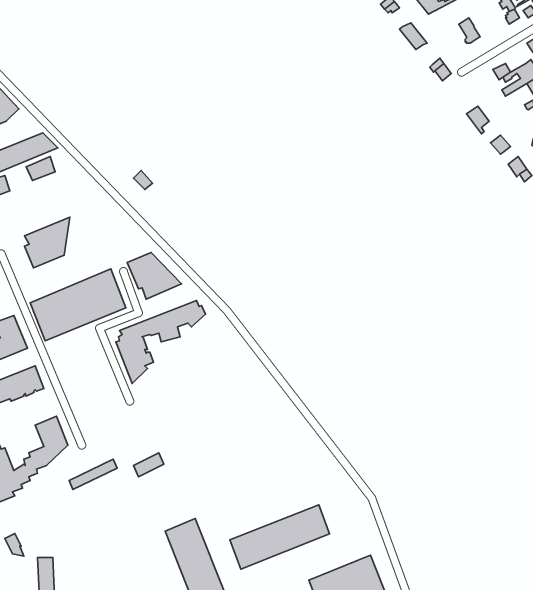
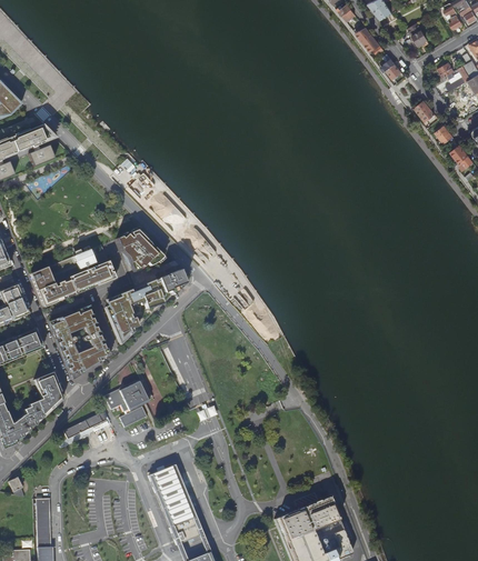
building: [24,217,70,268] -> none
building: none -> [50,308,108,378]
building: none -> [104,379,153,412]
building: [230,505,330,569] -> none

